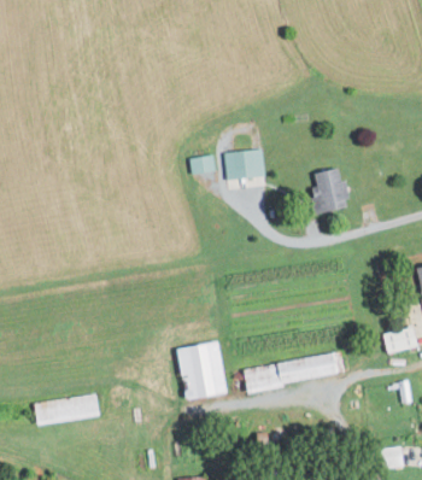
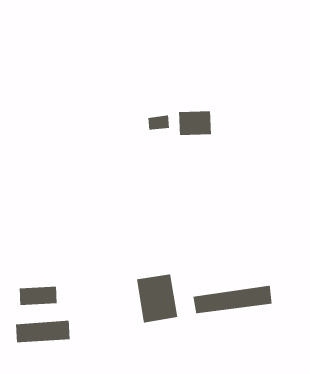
building: [310,169,348,213] -> none
building: none -> [19,286,57,306]

